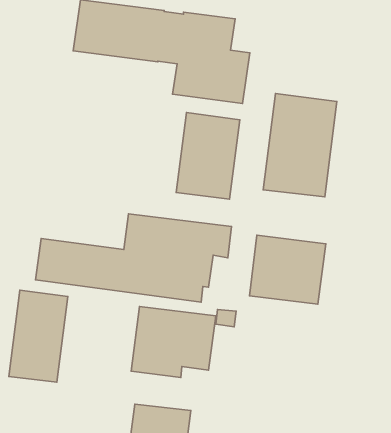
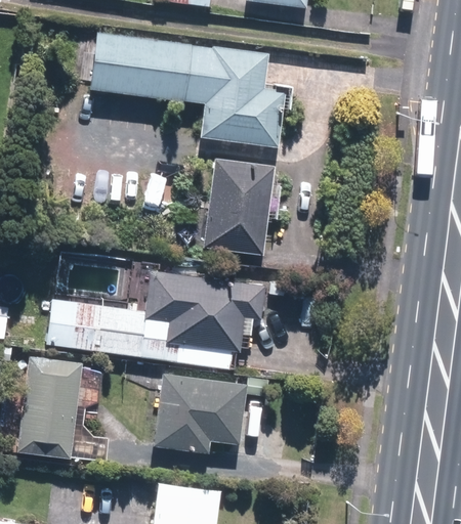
building: [263,93,337,197] -> none
building: [250,235,326,304] -> none

